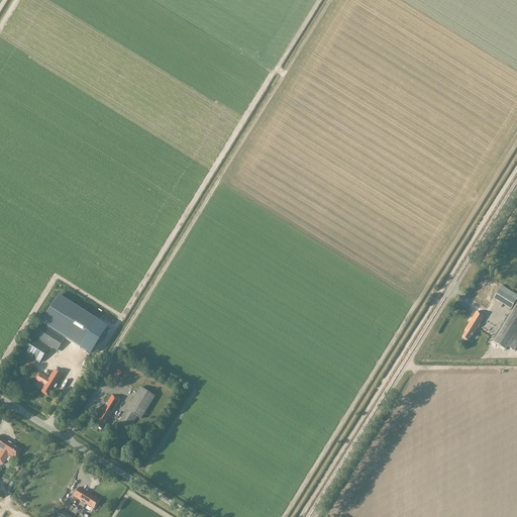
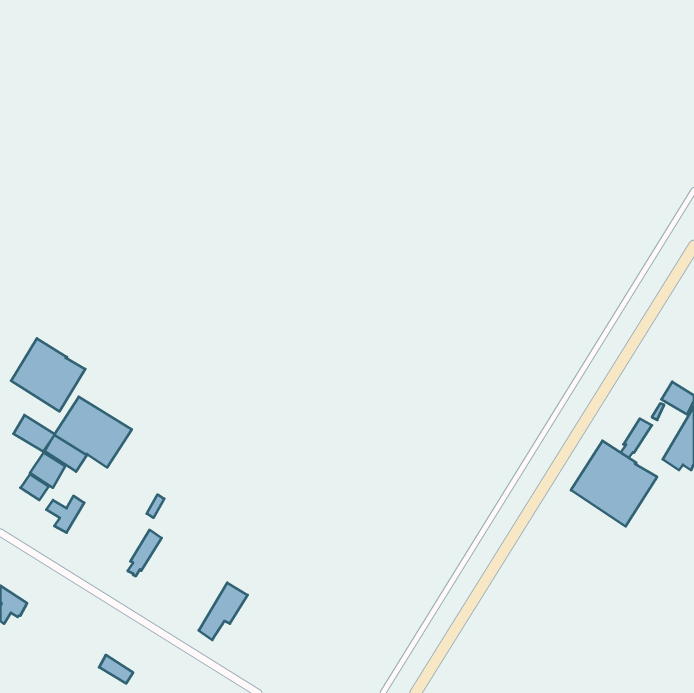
building: none -> [11,338,85,411]
building: none -> [13,415,55,452]
building: none -> [571,441,657,526]
building: [118,387,154,429] -> [199,583,248,640]

